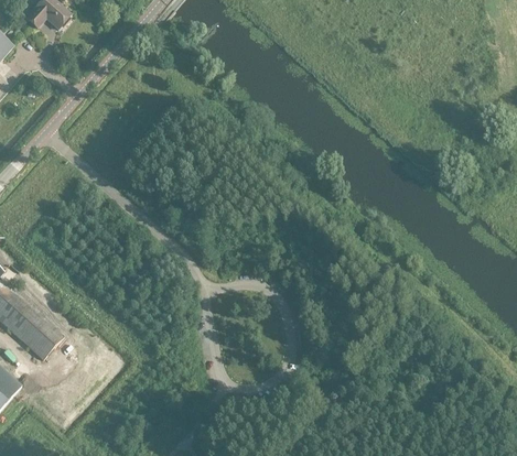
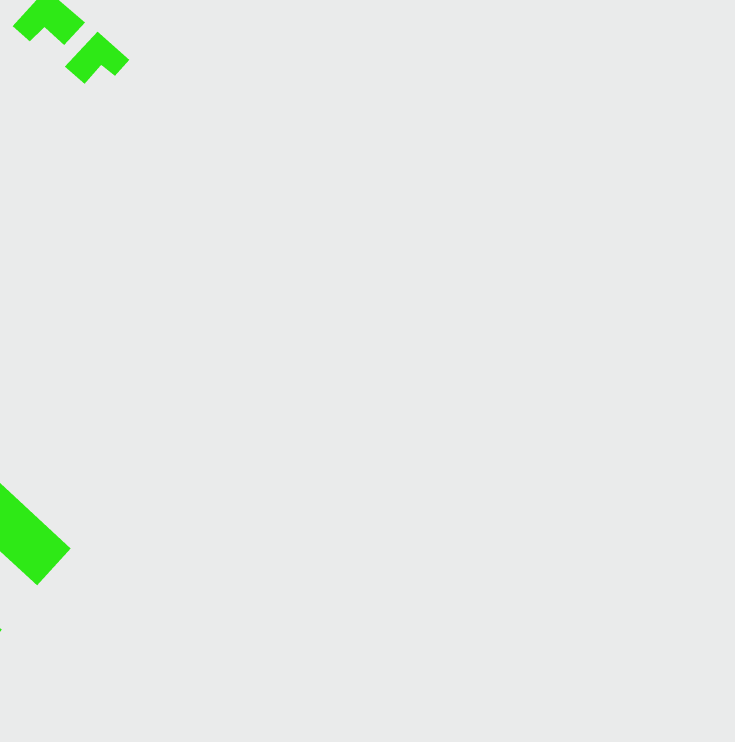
building: none -> [64,31,130,85]

